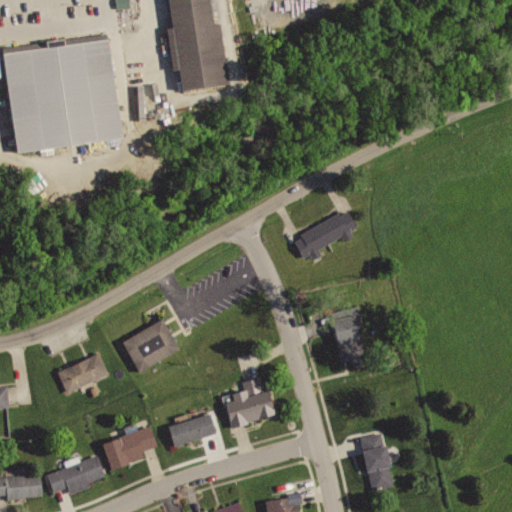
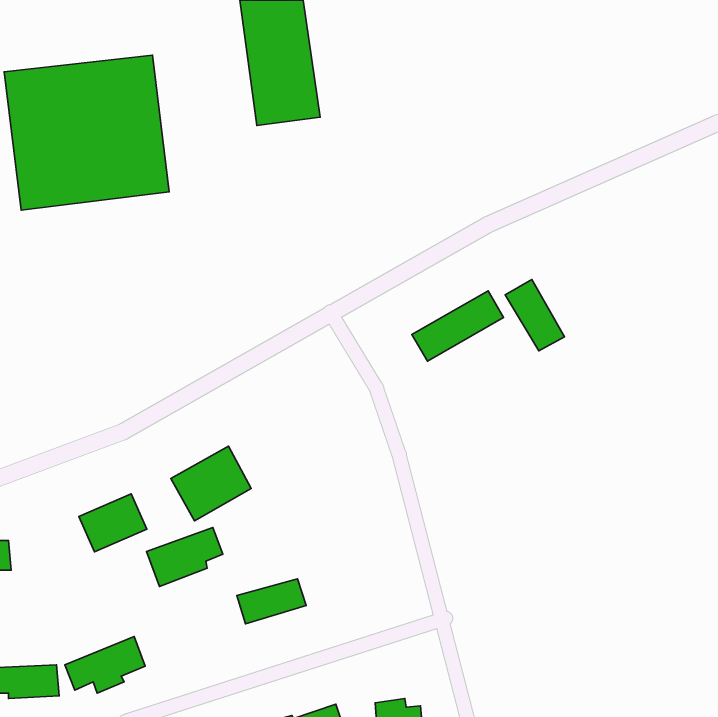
building: none -> [505,280,564,351]
building: [332,313,366,364] -> none
building: [222,376,276,429] -> none
building: [101,427,155,469] -> [147,527,223,587]
building: [360,431,394,491] -> none

